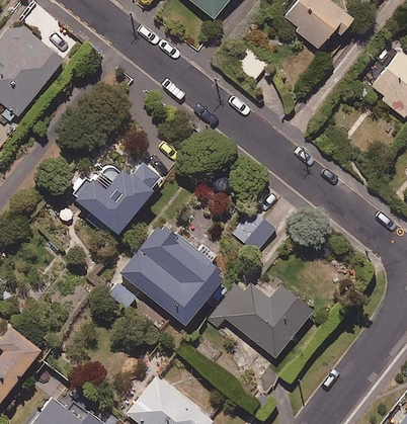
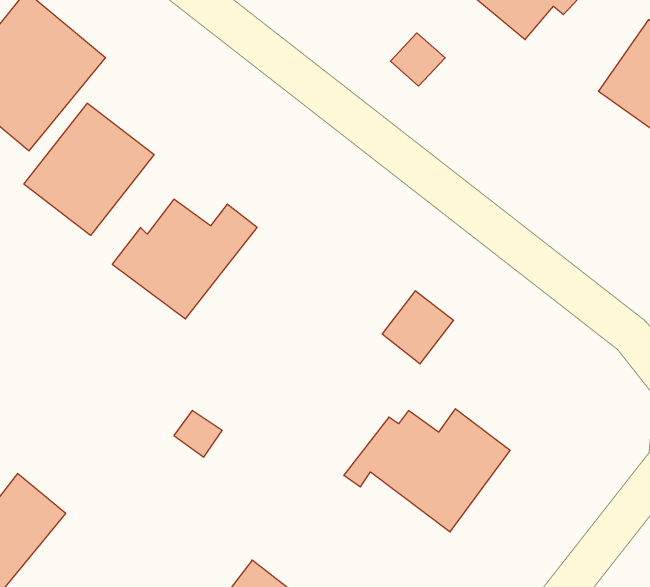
building: none -> [24,103,154,235]
building: [119,218,226,321] -> none

